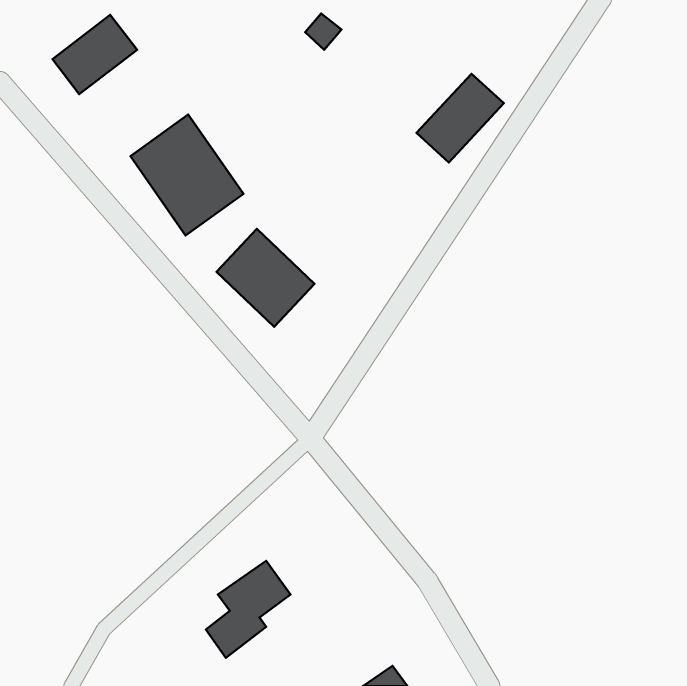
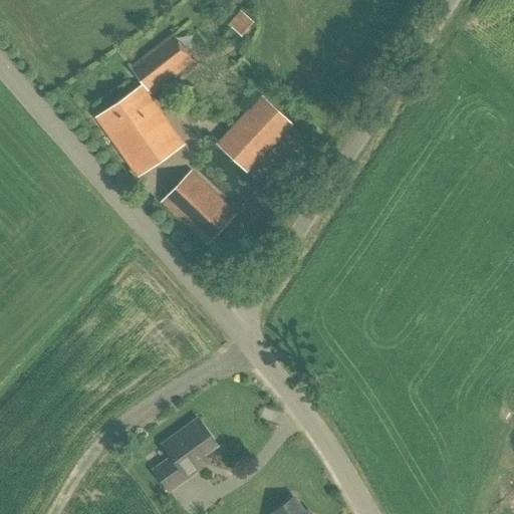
building: [52,15,137,94] -> [130,34,193,93]
building: [417,74,504,162] -> [223,101,288,168]

